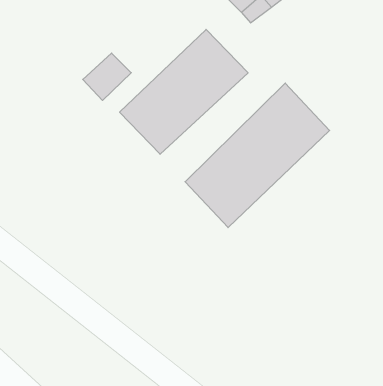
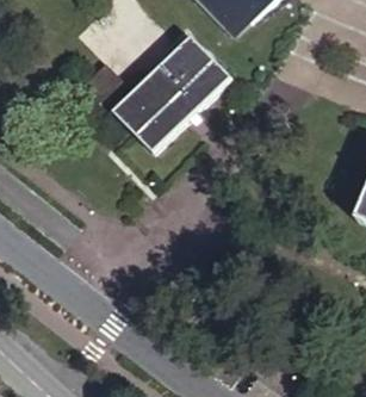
building: [185,83,330,228] -> none

